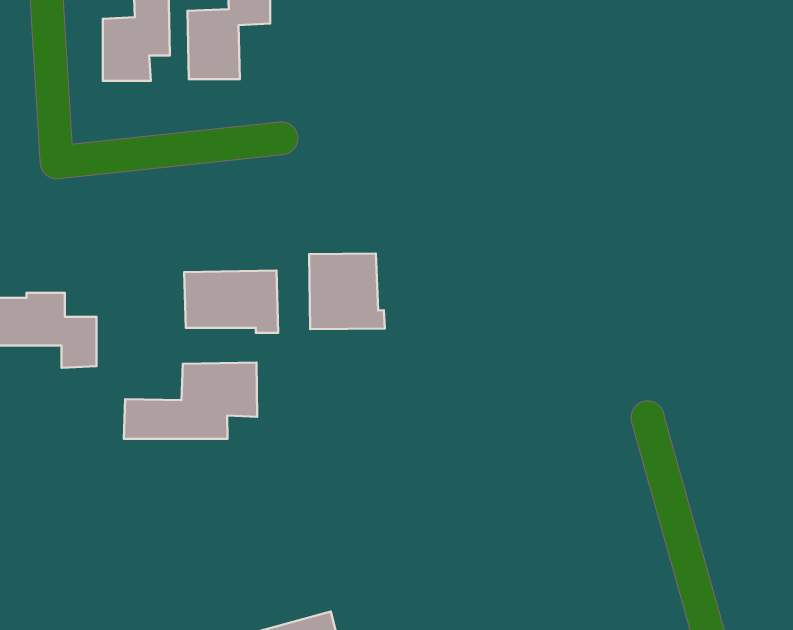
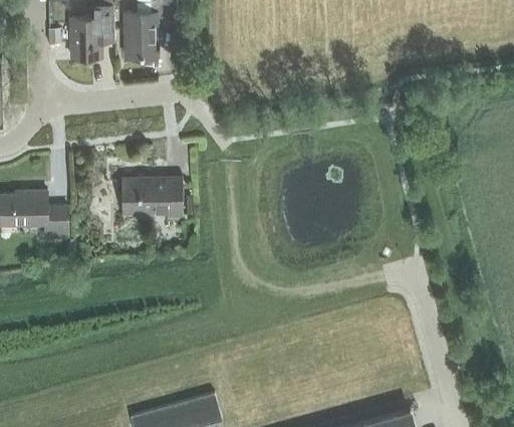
building: [309,253,385,329] -> none
building: [124,363,257,439] -> none

